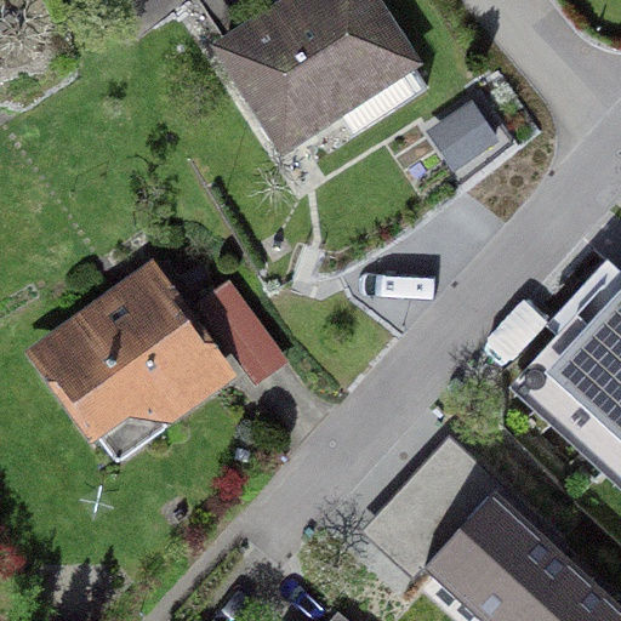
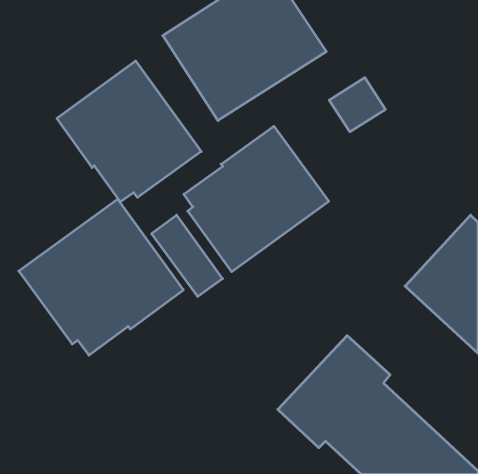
building: none -> [57,61,201,202]
building: none -> [184,126,329,272]

